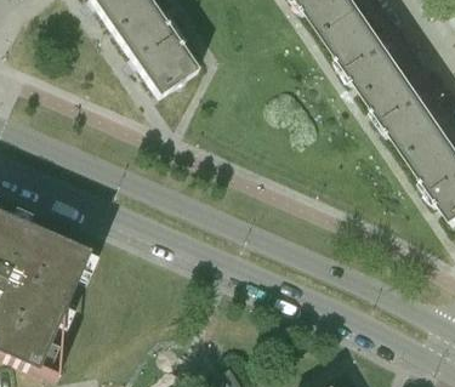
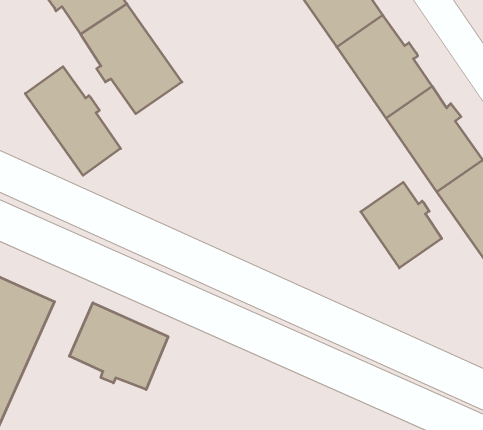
building: none -> [25,67,121,175]
building: none -> [361,182,442,268]
building: none -> [69,303,168,390]

